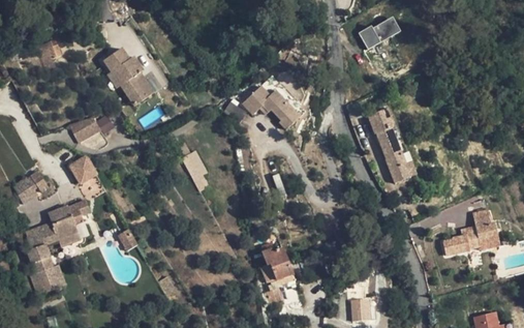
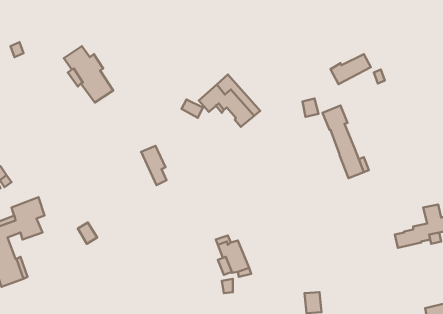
building: [359,19,400,50] -> [330,54,371,84]
building: [69,117,101,143] -> none
building: [69,153,99,184] -> none

